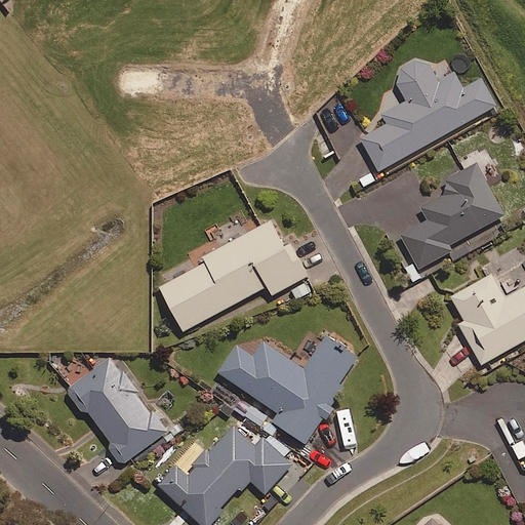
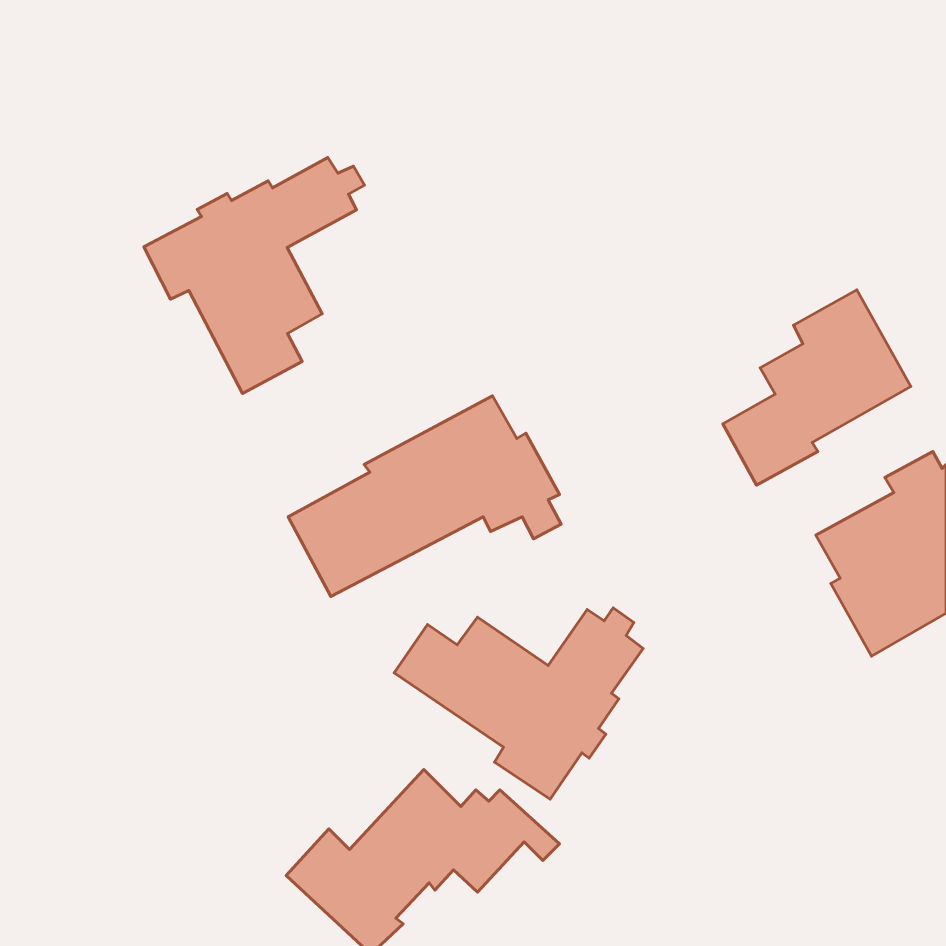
building: [360,60,495,171] -> none
building: none -> [144,157,365,394]
building: [64,357,165,466] -> none

